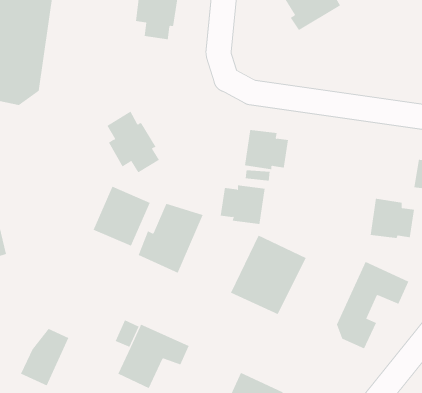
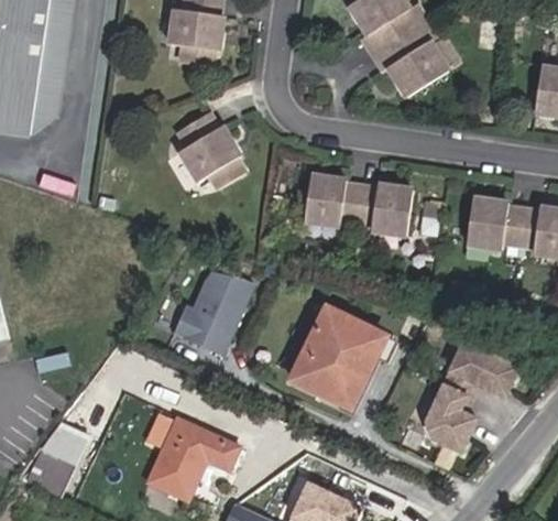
building: none -> [374,19,448,95]
building: [106,111,160,173] -> [178,111,245,189]
building: [220,185,265,224] -> [357,184,414,234]
building: [93,186,150,247] -> none
building: [370,198,415,239] -> [468,197,524,248]

